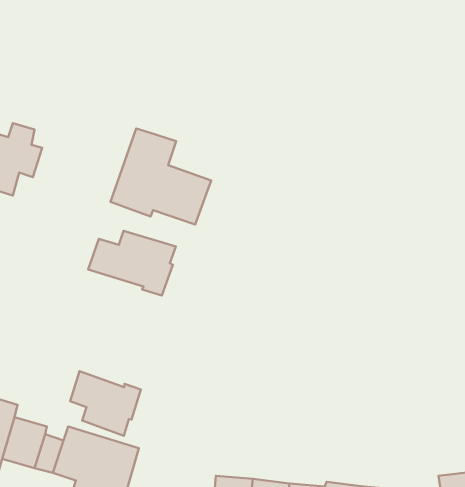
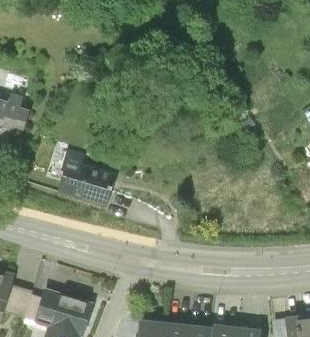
building: [111,129,211,225] -> none
building: [70,371,141,436] -> none

